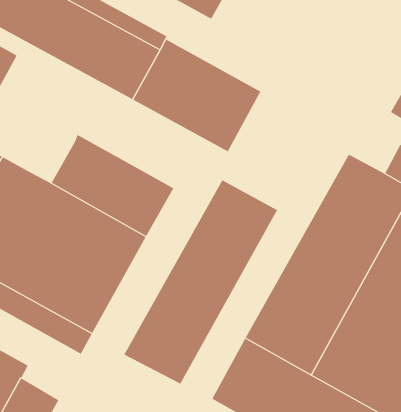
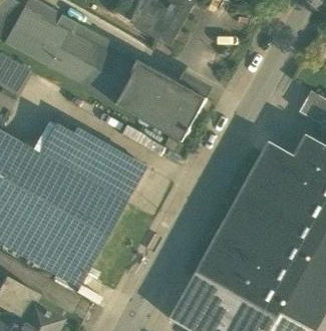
building: none -> [36,122,70,161]
building: [123,179,278,385] -> none

